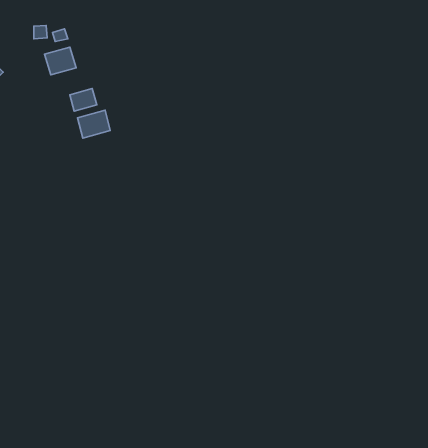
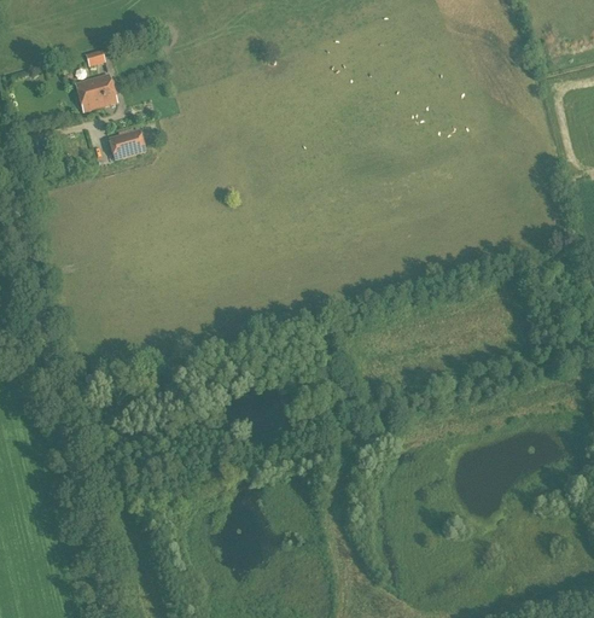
building: [77,110,110,138] -> none

